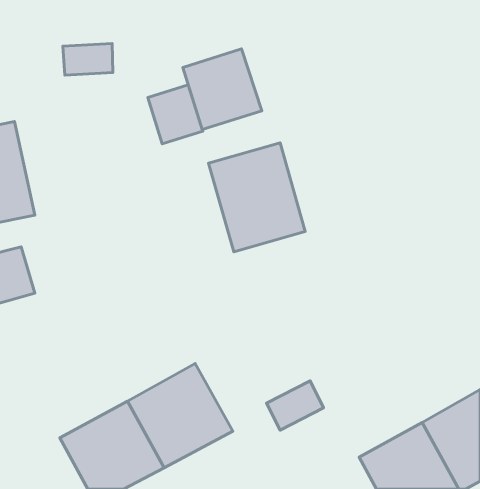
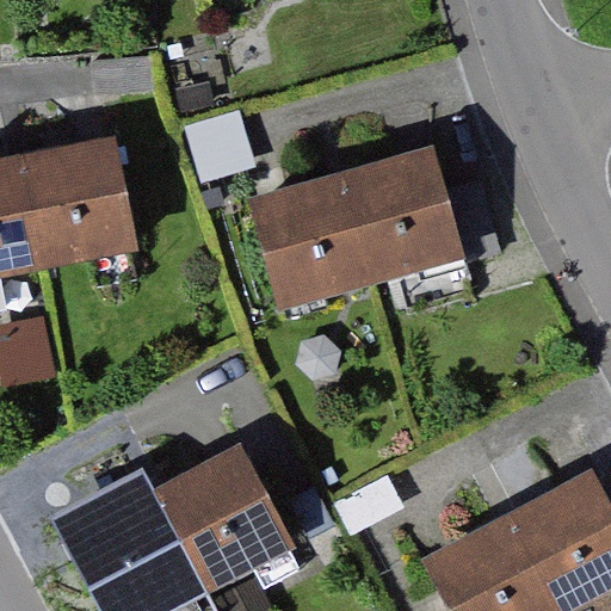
building: [183,49,262,130] -> none
building: none -> [18,132,131,266]
building: none -> [346,152,464,286]

